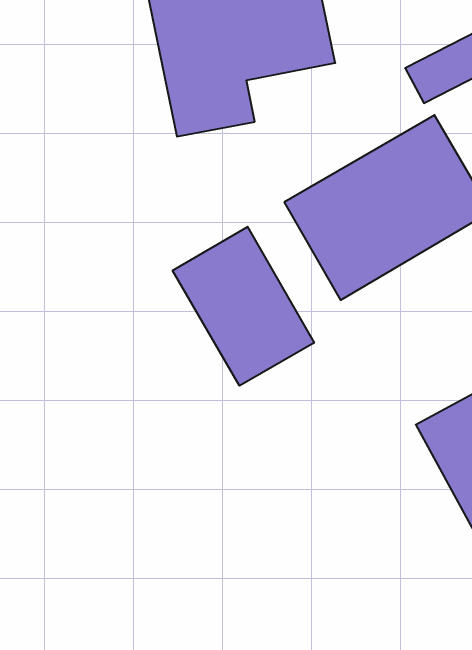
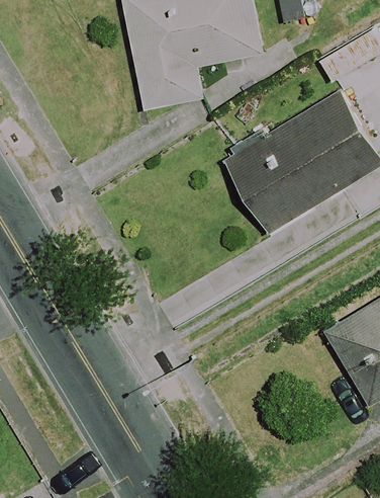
building: [173,227,314,386] -> none

